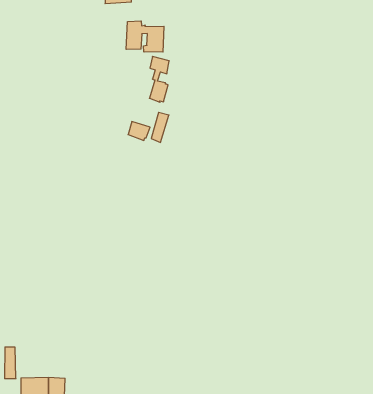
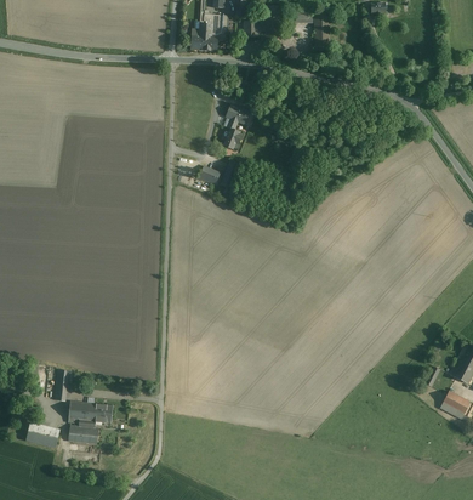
building: [126,21,164,52] -> none

